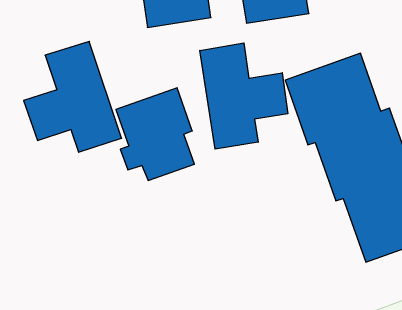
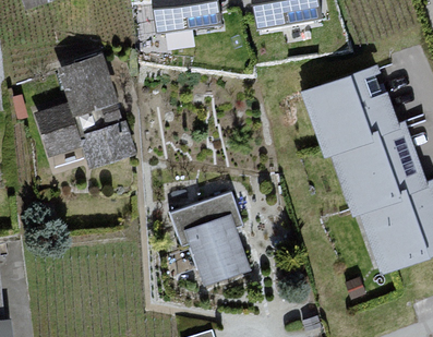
building: [200,43,288,149] -> none
building: [116,88,194,180] -> [169,192,249,286]

